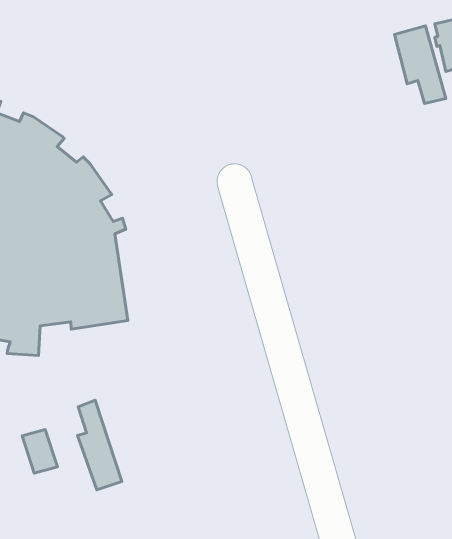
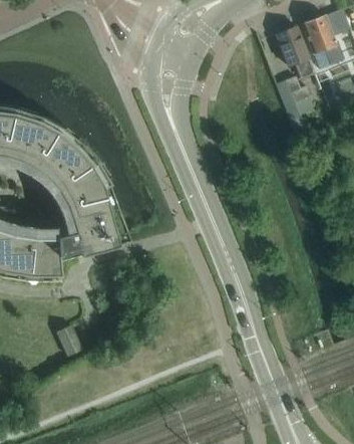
building: none -> [285,76,312,115]
building: [78,400,122,490] -> none

